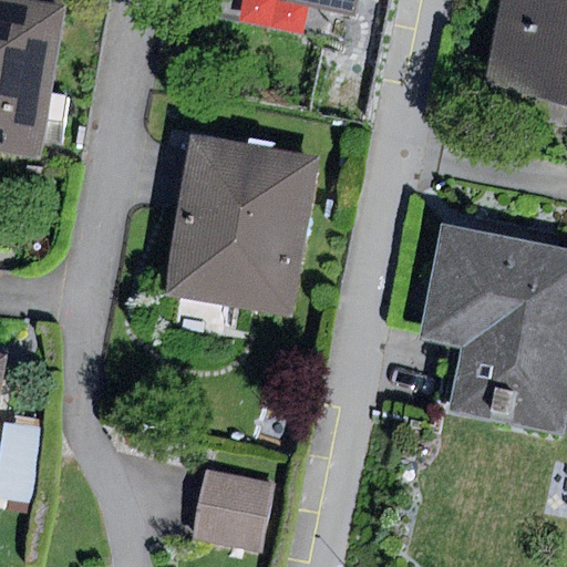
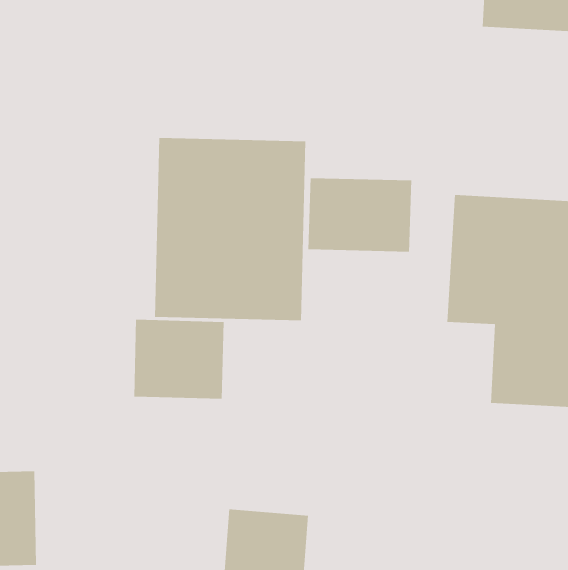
building: none -> [308,177,412,252]
building: none -> [134,319,224,400]

